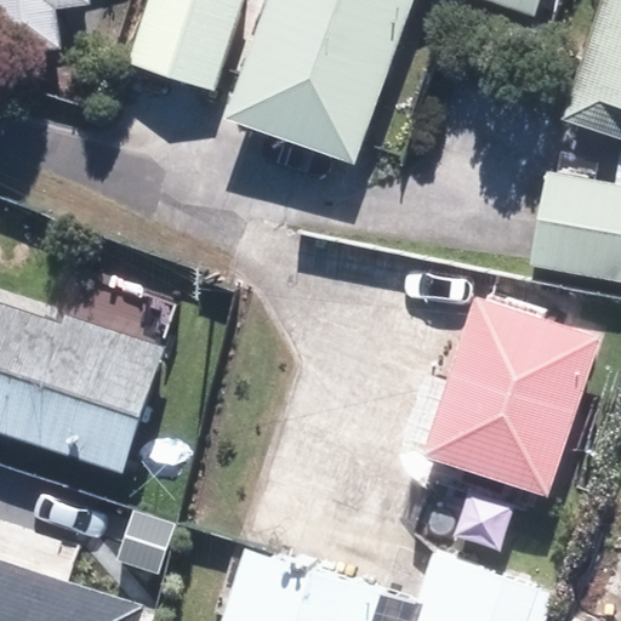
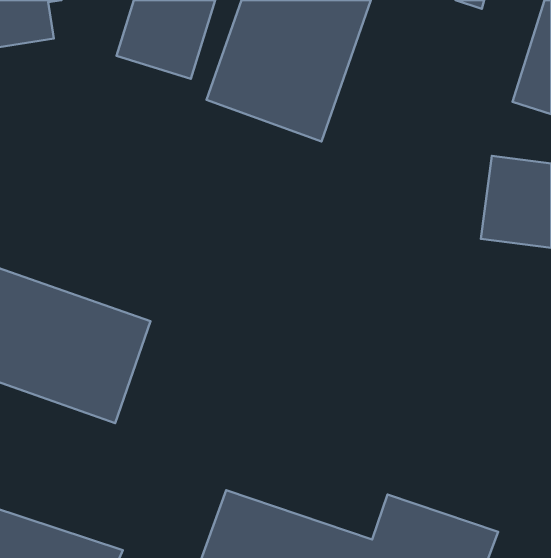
building: [425,296,599,491] -> none

